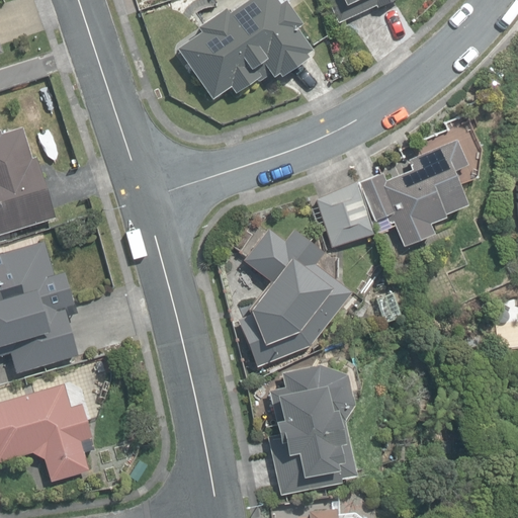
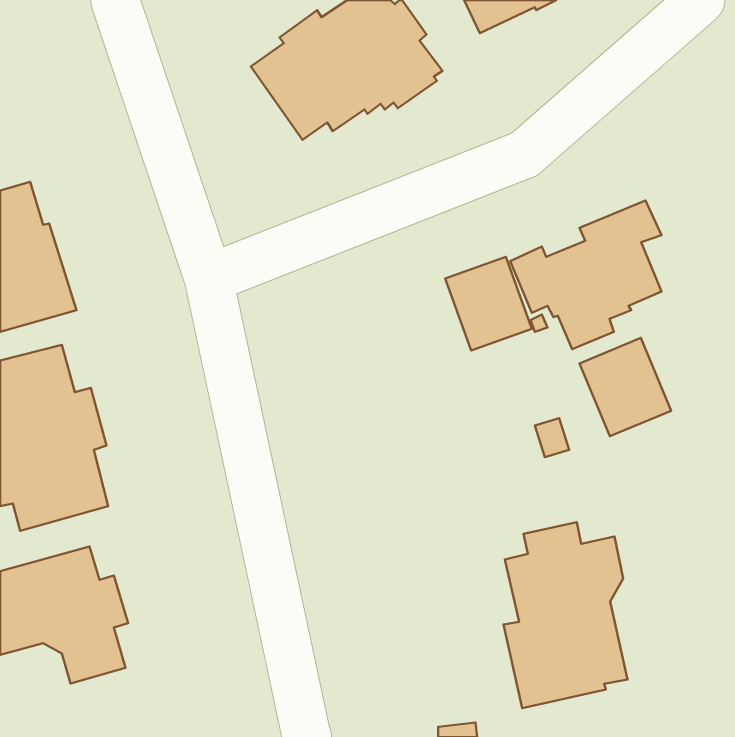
building: [241,229,349,366] -> none
building: none -> [580,338,671,436]
building: [267,363,354,494] -> [503,522,627,708]

